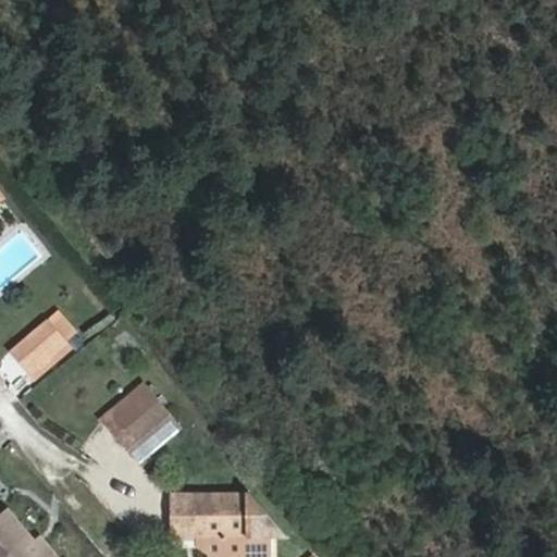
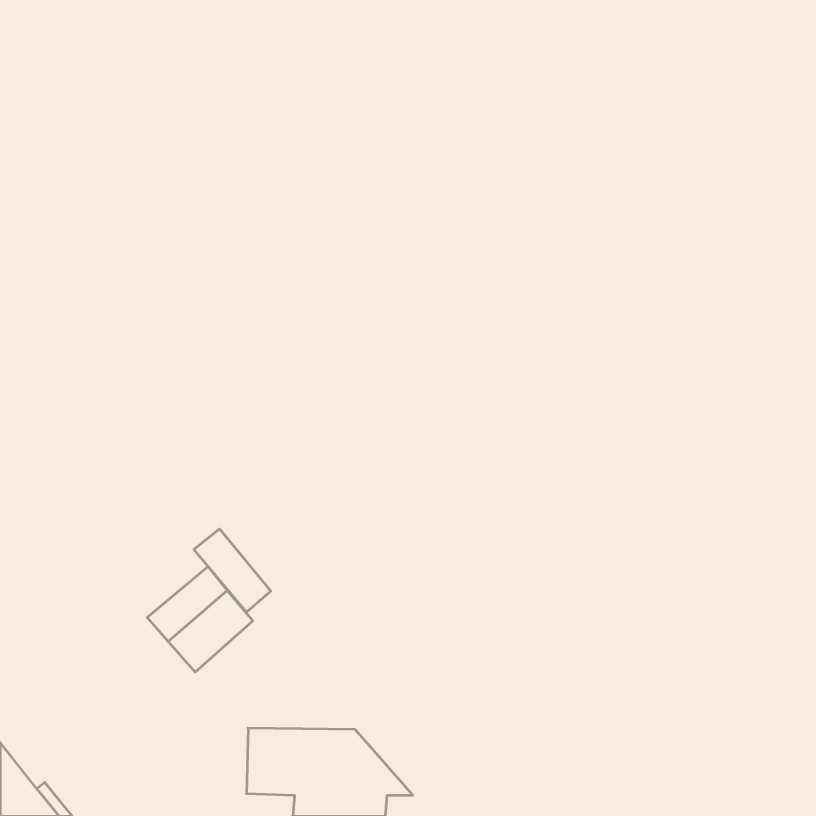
building: [14,323,69,375] -> none
building: none -> [194,529,271,612]

